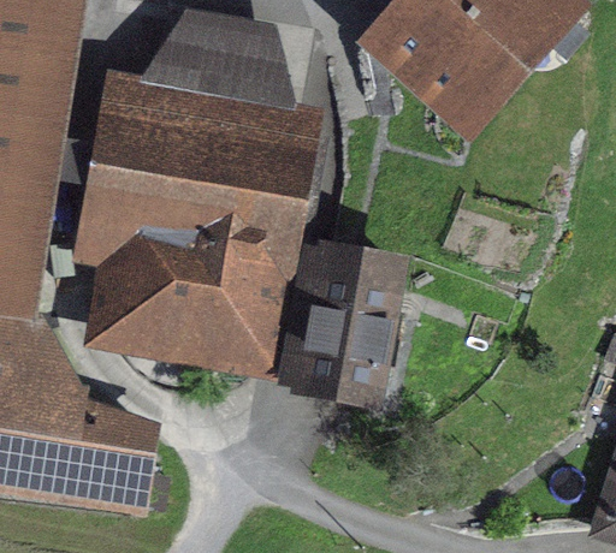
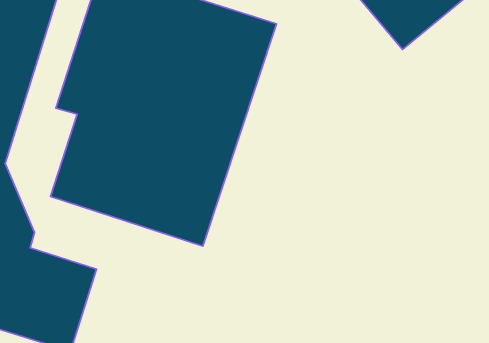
building: [294,243,405,403] -> none

